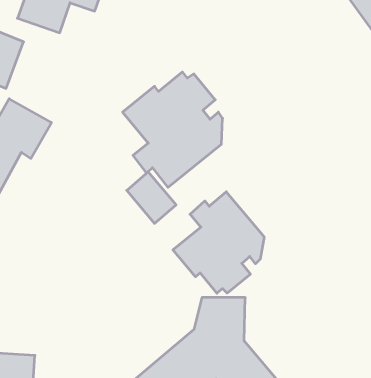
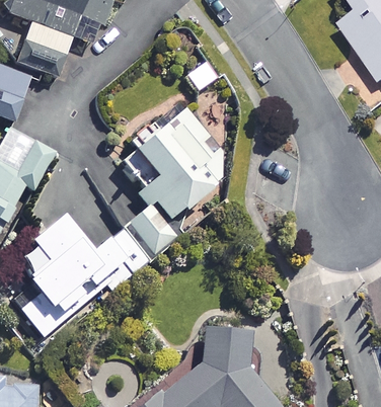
building: none -> [14,209,148,338]
building: [173,192,264,293] -> none

